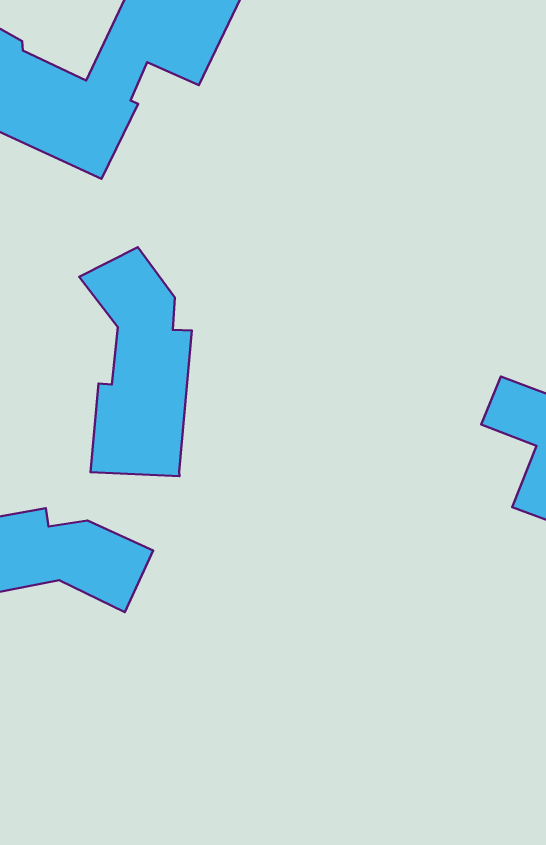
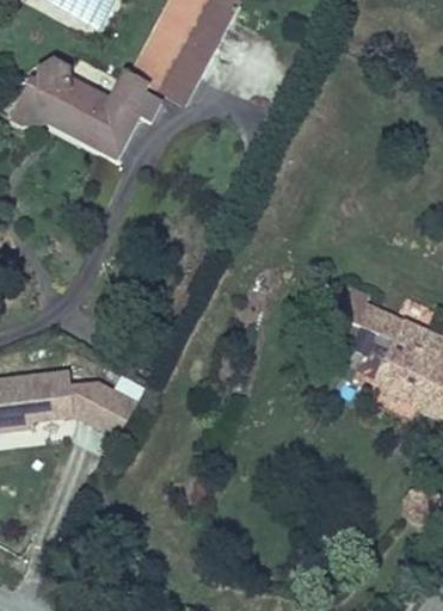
building: [79,247,192,476] -> none

